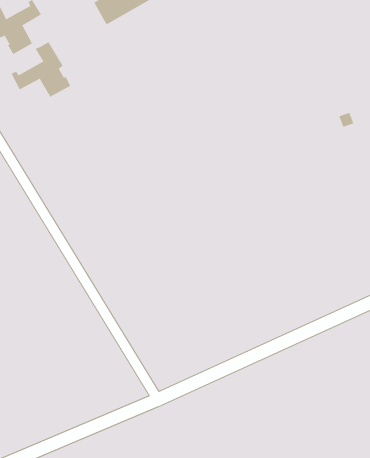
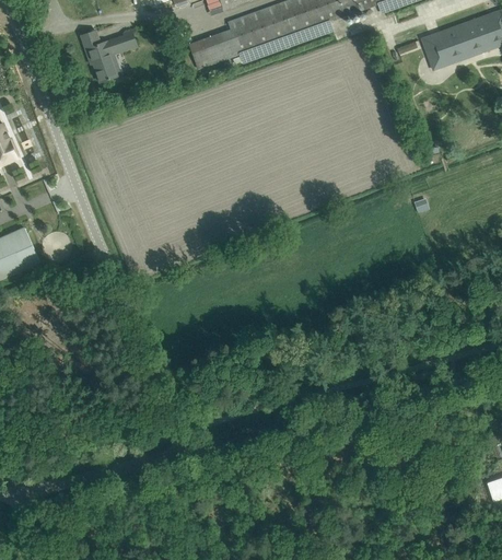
building: [11,41,71,98] -> none

